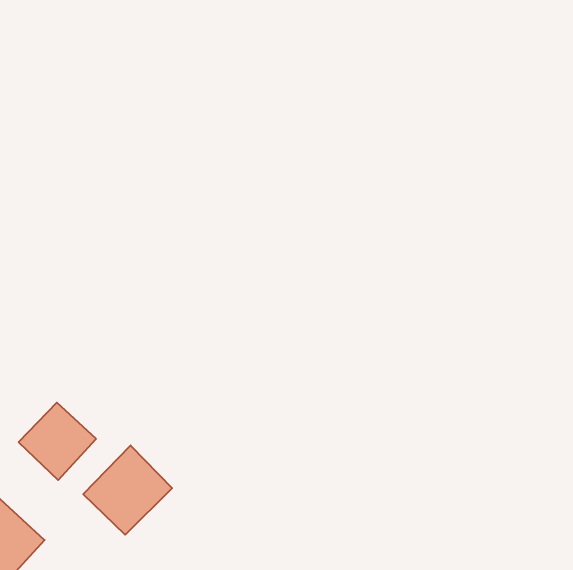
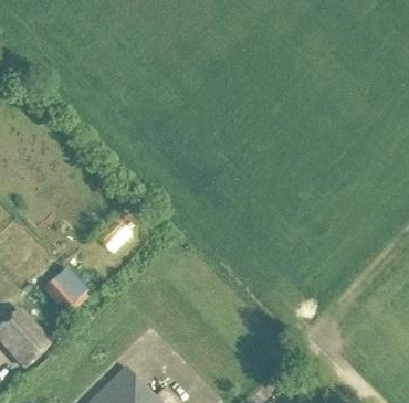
building: [83,445,172,535] -> none

